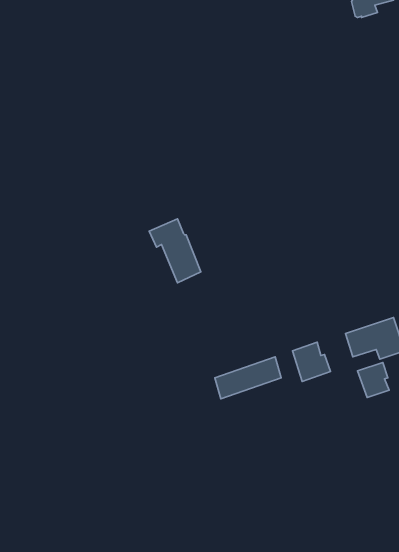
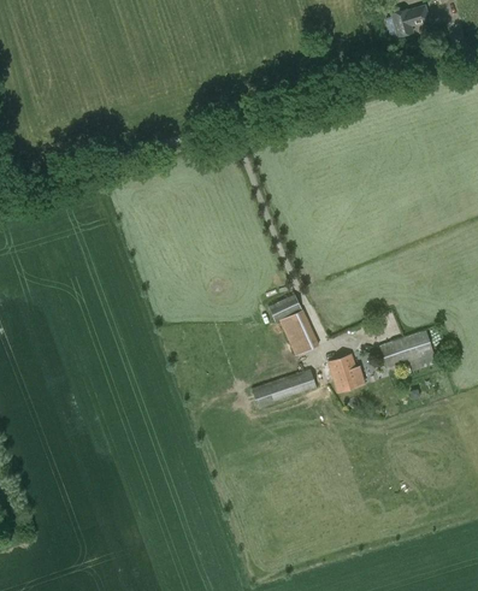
building: [149,219,201,283] -> [267,294,318,356]
building: [358,363,389,397] -> none

